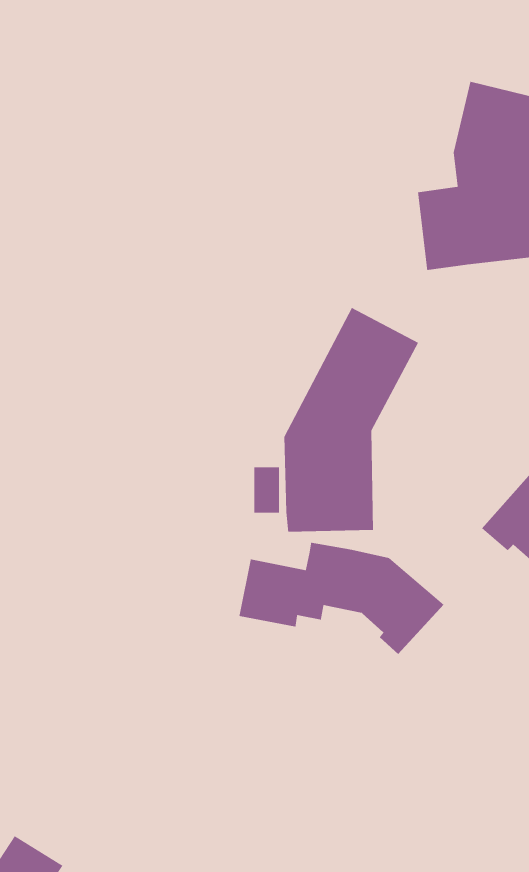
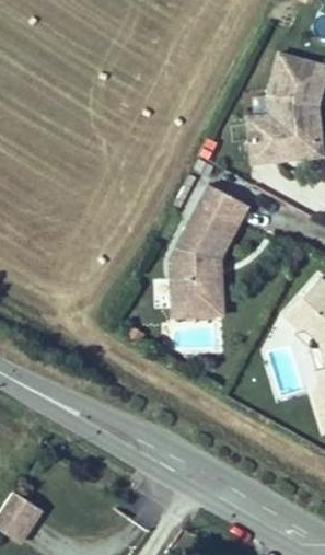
building: [238,542,444,655] -> none

